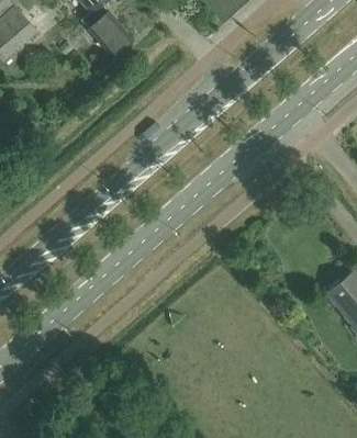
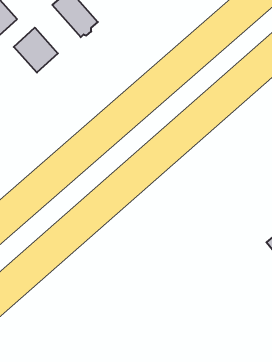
building: none -> [14,28,58,73]

